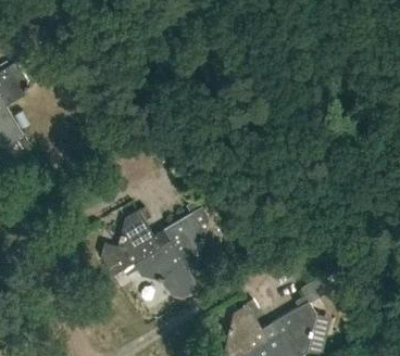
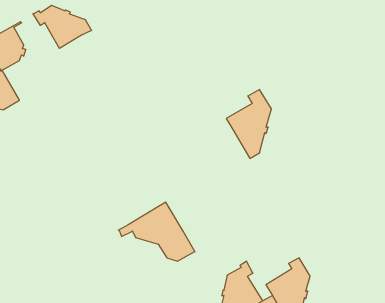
building: none -> [33,5,92,48]
building: [163,200,209,269] -> [226,90,271,158]
building: [99,207,159,276] -> none

